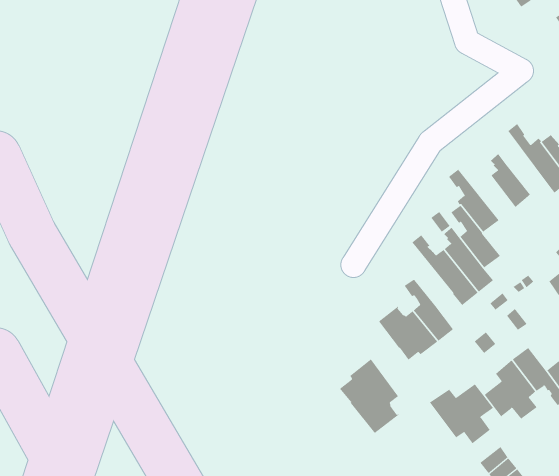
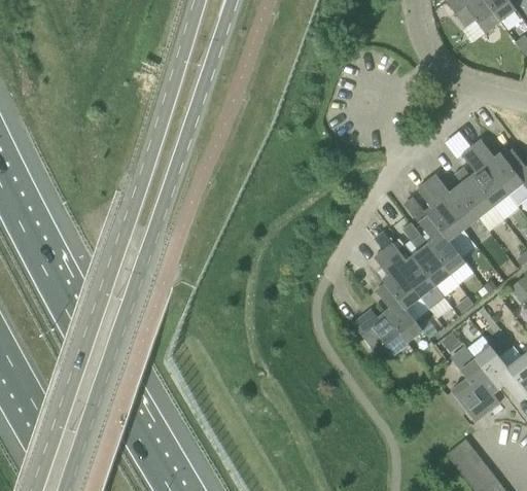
building: none -> [463,146,508,205]
building: none -> [427,174,480,229]
building: none -> [375,249,422,308]
building: [339,358,399,434] -> none
building: [429,384,494,444] -> none

